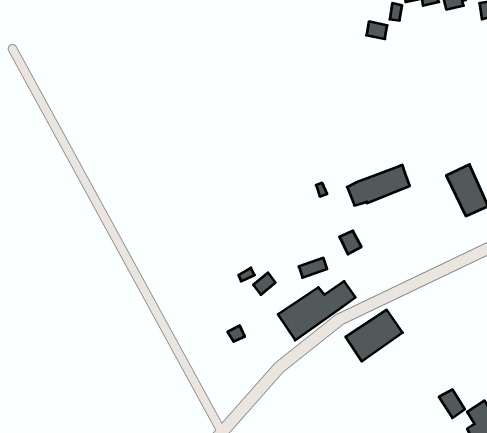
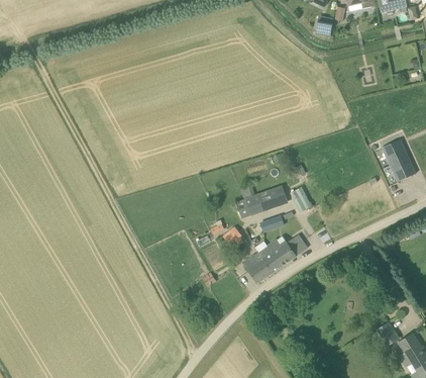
building: [347,165,410,205] -> [236,184,288,217]
building: [346,310,403,361] -> none

